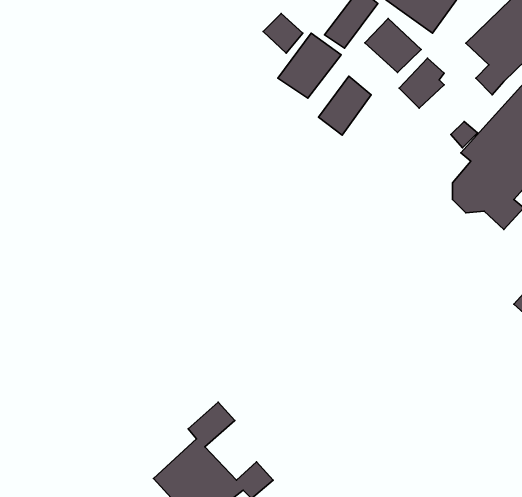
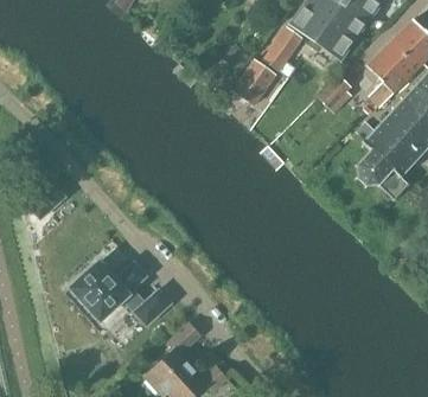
building: [365,19,421,72] -> none
building: [318,76,371,135] -> none
building: none -> [69,257,173,325]

